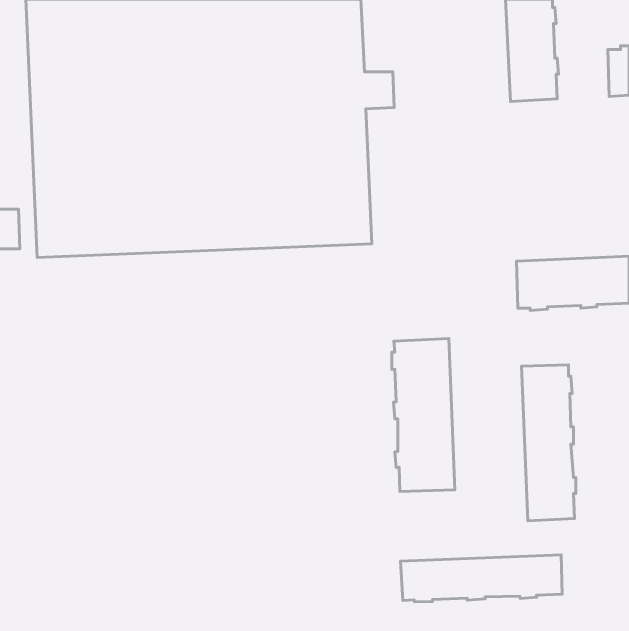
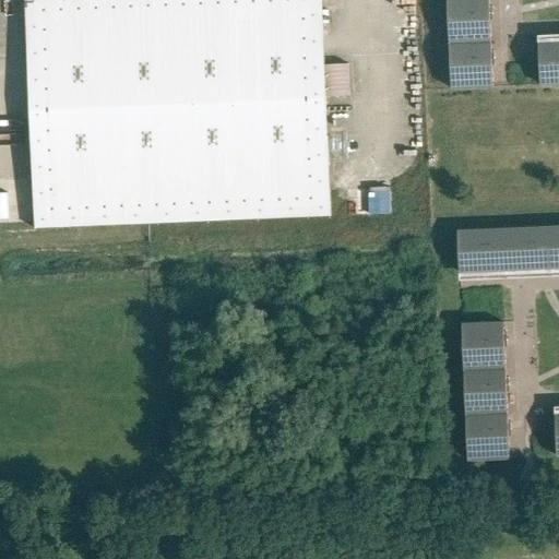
building: [392,338,455,491] -> none
building: [400,555,562,602] -> none

